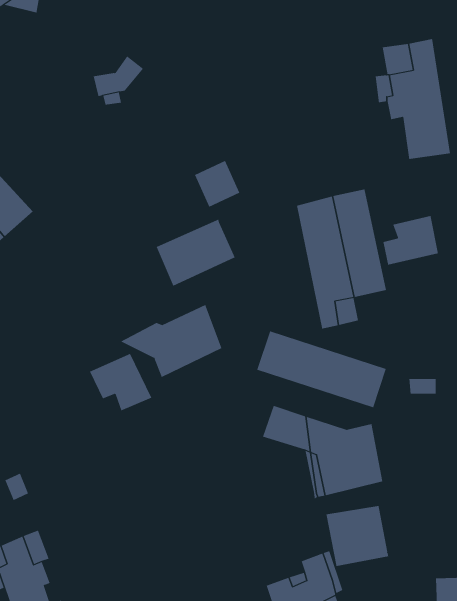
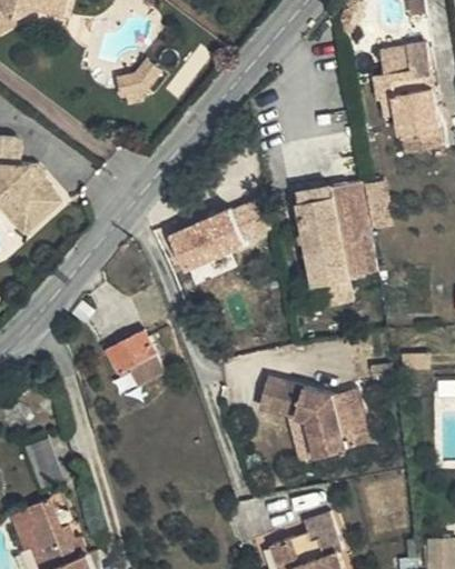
building: [194,160,240,207] -> [227,197,269,240]
building: [383,215,438,265] -> none
building: [120,304,222,378] -> none
building: [257,330,387,408] -> none
building: [326,505,389,567] -> none

